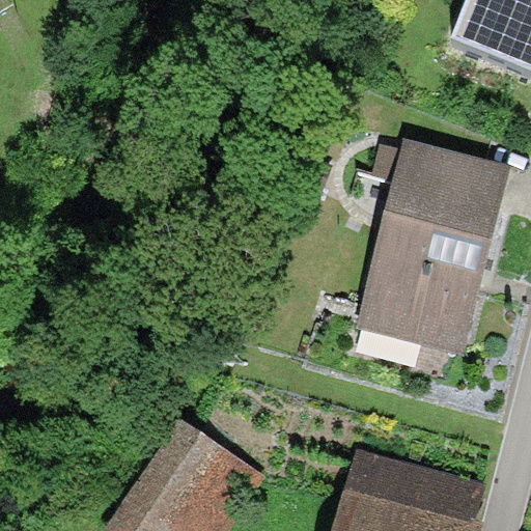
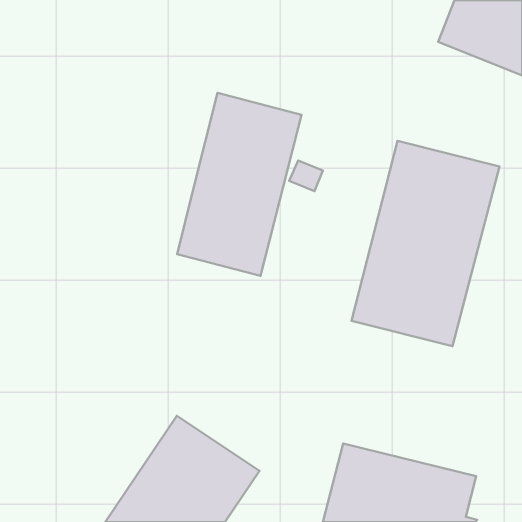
building: none -> [177,93,302,276]

